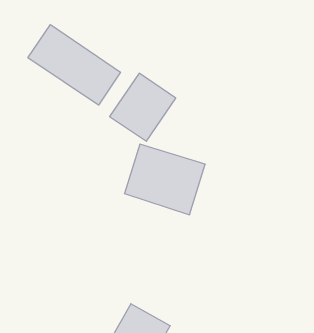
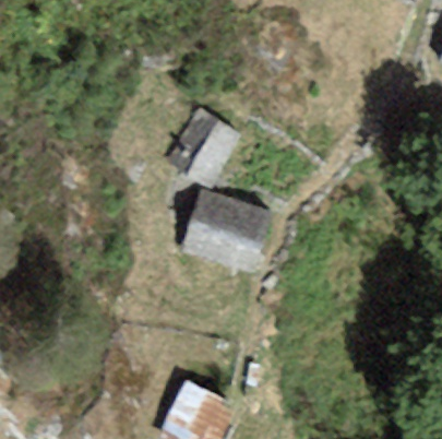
building: [28,25,120,105] -> none

